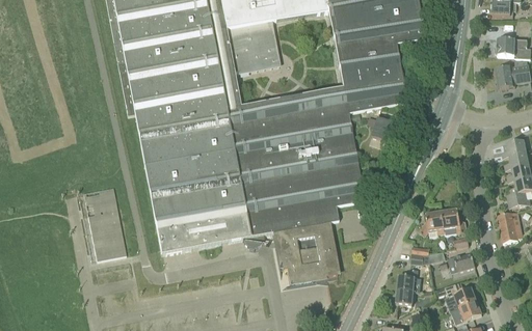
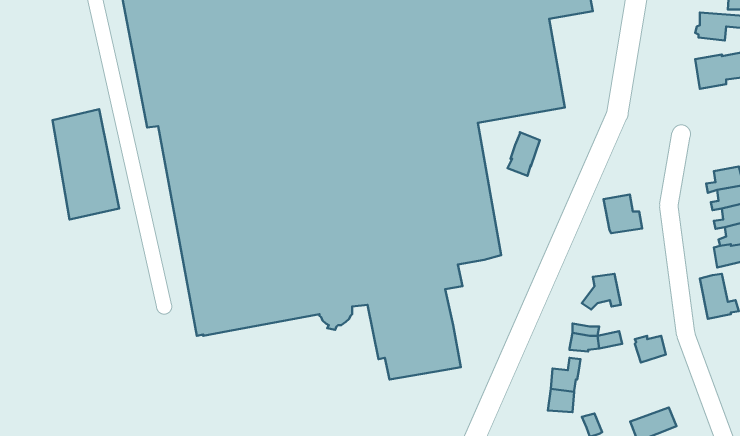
building: [84,188,129,261] -> [53,109,119,220]
building: [441,208,467,233] -> [603,194,642,233]
building: [435,283,477,308] -> none

